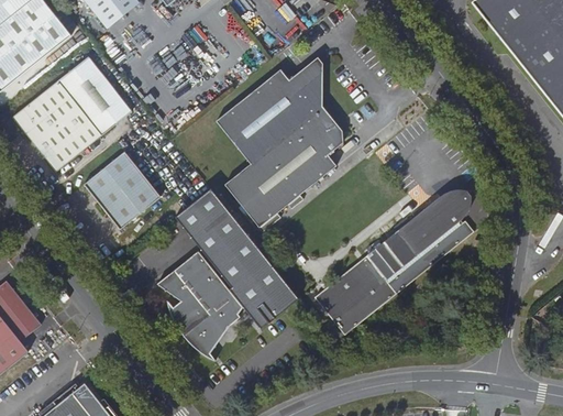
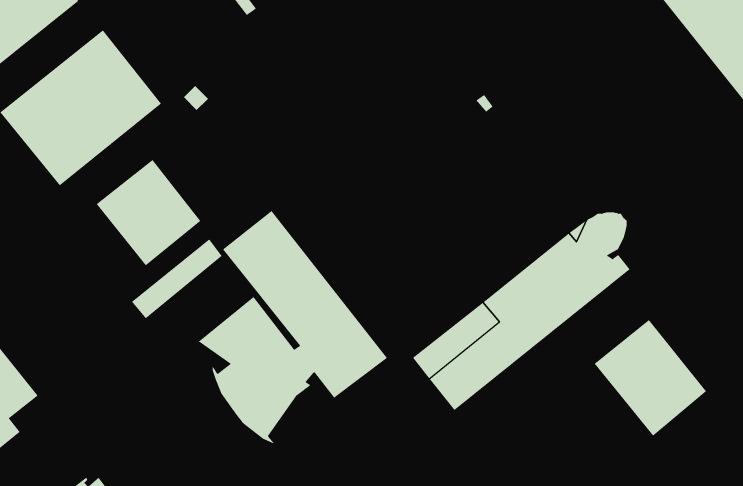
building: [217,57,343,227] -> none
building: none -> [131,239,223,319]
building: none -> [594,319,707,436]

